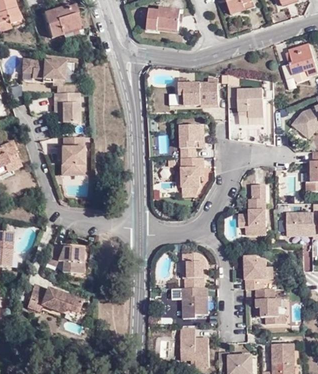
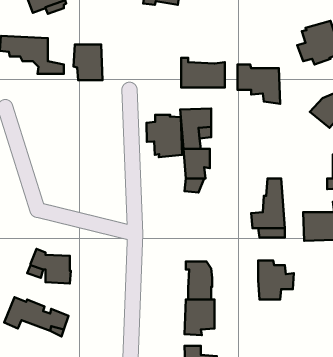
building: [53,91,78,122] -> [74,45,102,80]
building: none -> [147,115,182,157]
building: [55,135,83,173] -> none
building: [257,287,288,323] -> none

